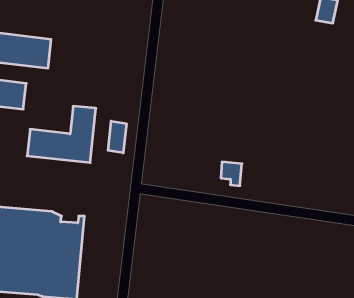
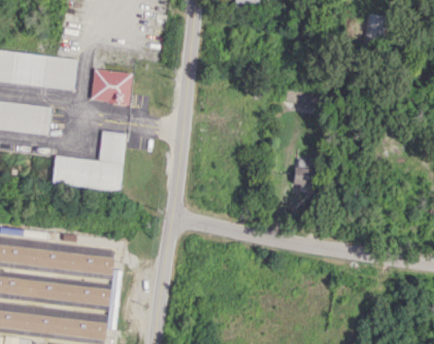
building: none -> [91,66,133,104]
building: [108,121,126,153] -> none
building: [221,162,242,186] -> [293,168,315,194]

